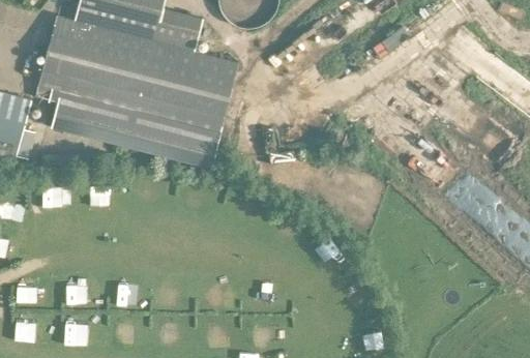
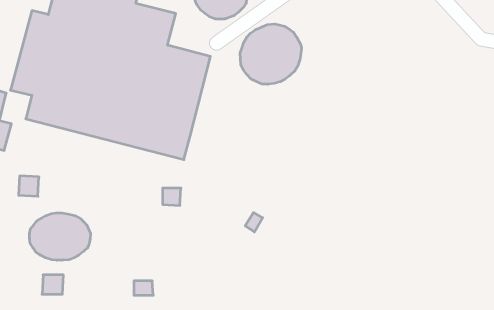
building: none -> [240,24,302,84]
building: none -> [30,213,90,260]

